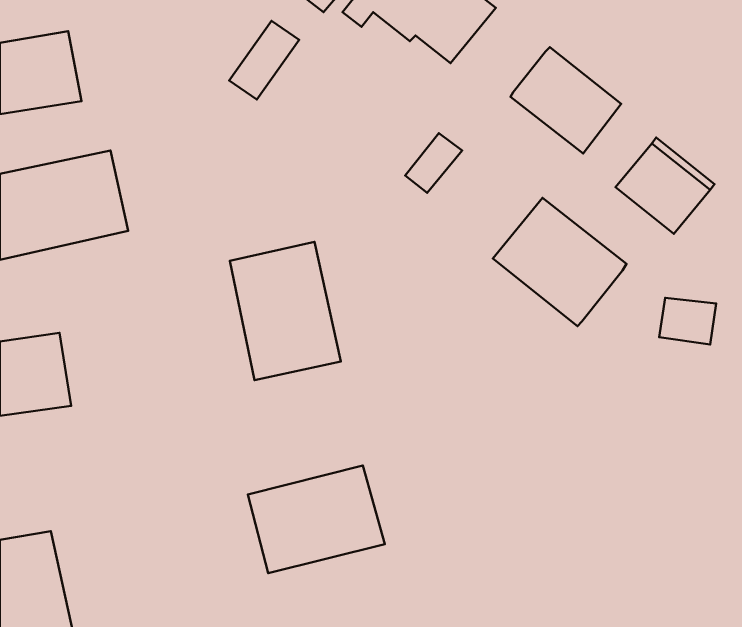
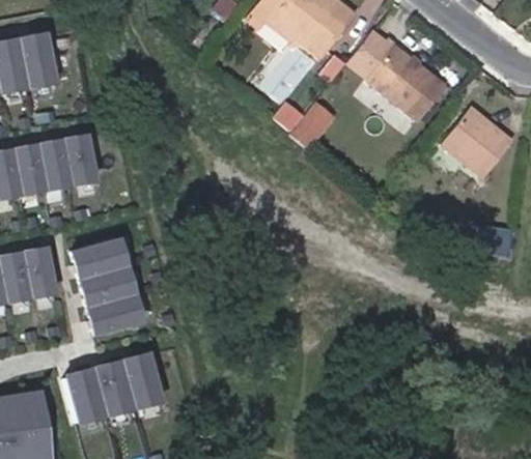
building: [229,21,299,100] -> [266,48,315,104]
building: none -> [348,32,390,77]
building: [493,198,627,326] -> none
building: [230,242,341,380] -> [71,230,149,328]
building: [248,465,385,573] -> [69,357,167,434]

